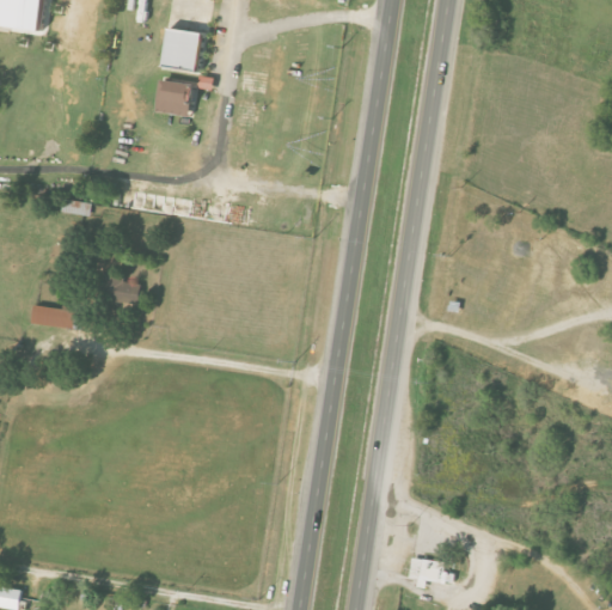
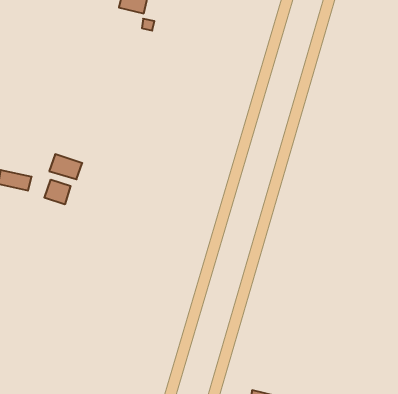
building: [155,80,189,115] -> none
building: none -> [44,180,71,204]

